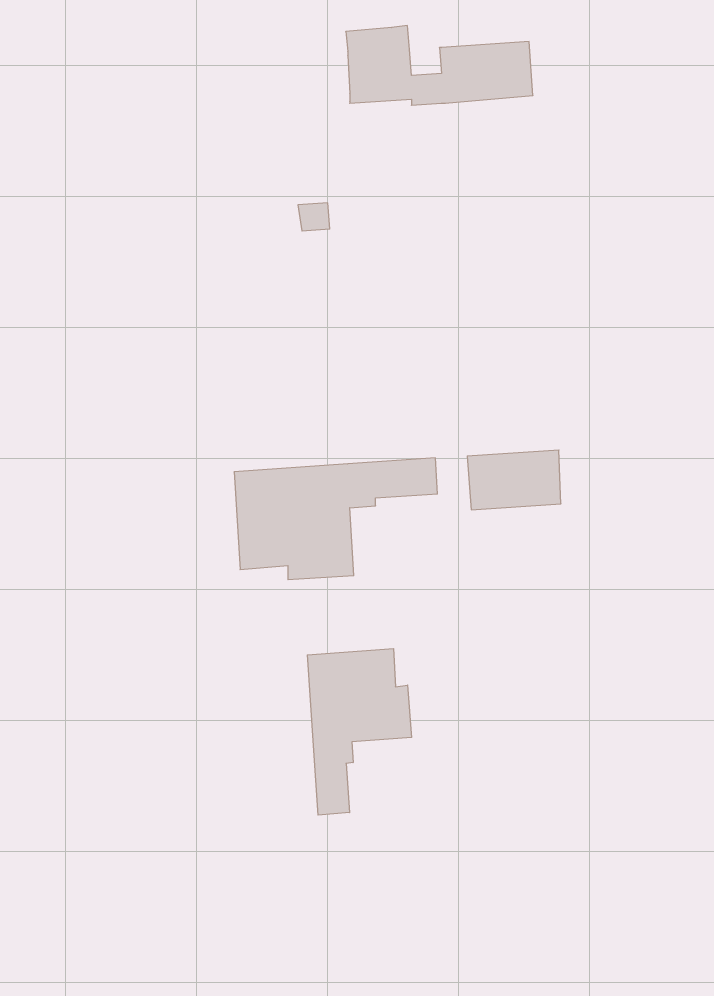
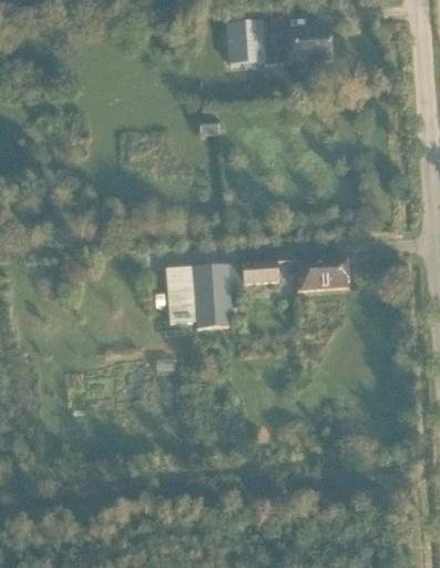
building: [307,649,412,815] -> none

